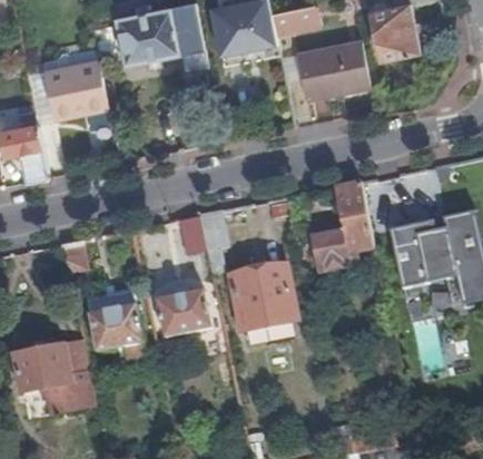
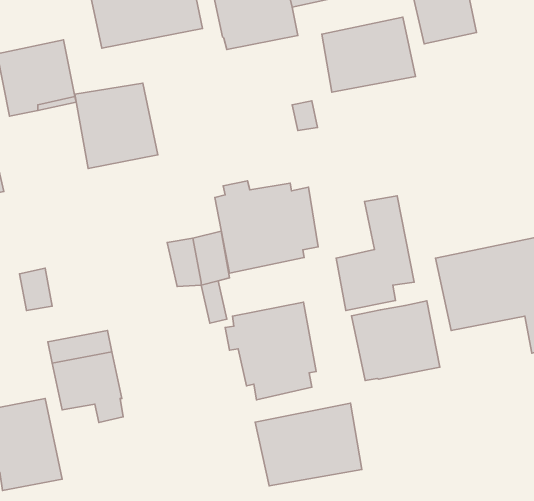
building: none -> [75,83,158,168]
building: none -> [215,181,318,273]
building: none -> [352,301,440,381]
building: [154,284,208,331] -> none
building: none -> [255,403,362,486]

